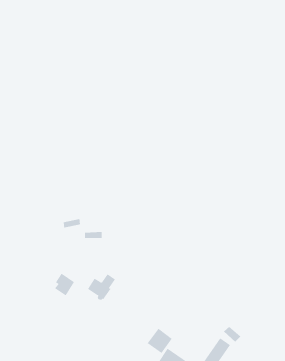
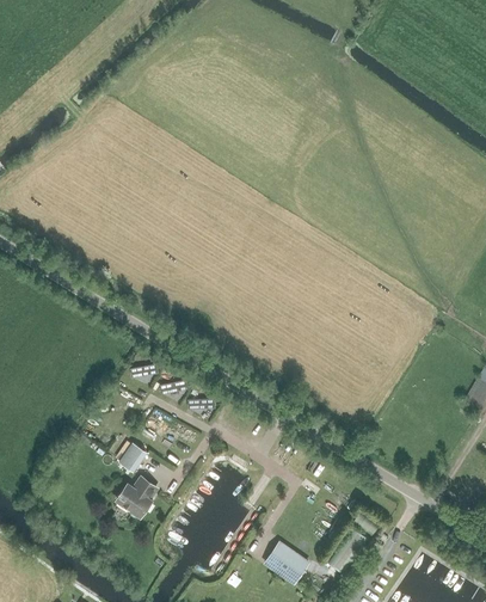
building: [87,273,116,300] -> [117,479,156,516]
building: [147,328,172,354] -> none

